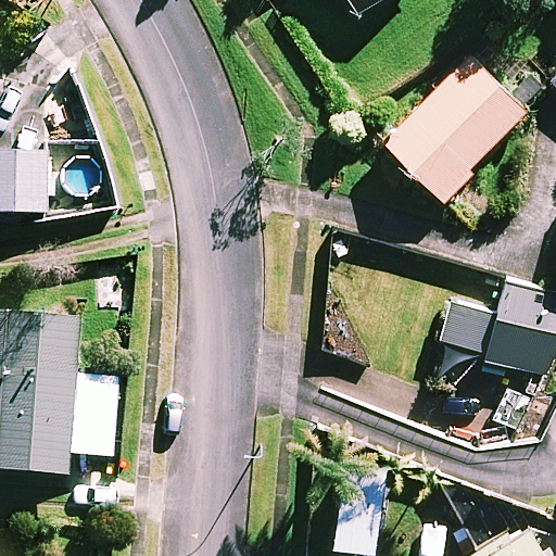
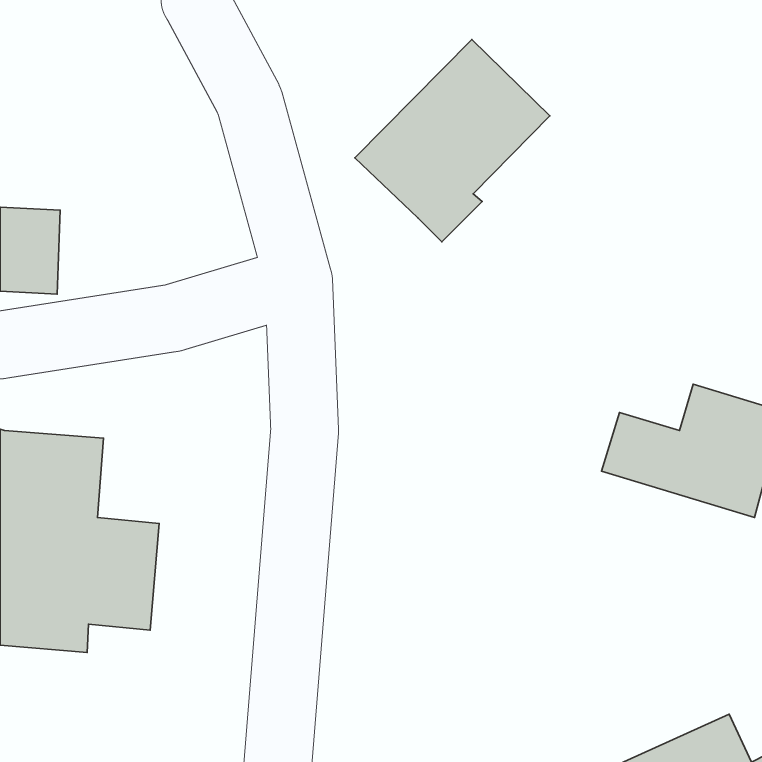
building: [383,55,525,202] -> [355,39,550,242]

